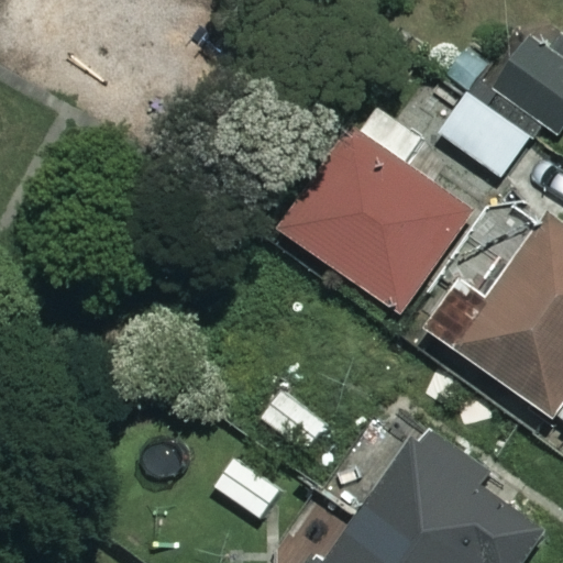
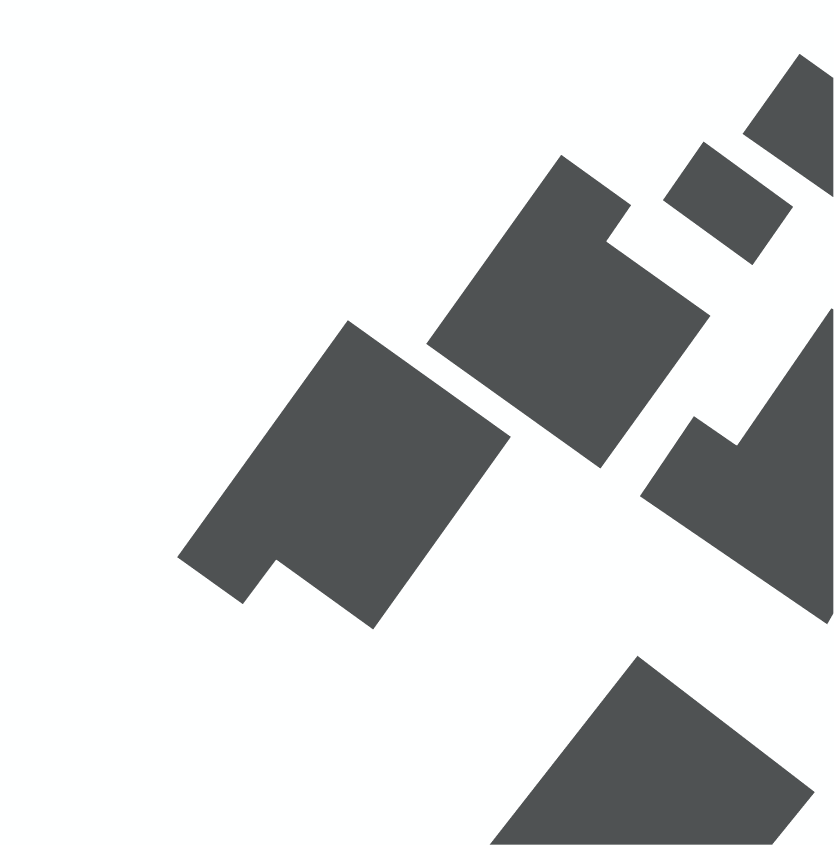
building: none -> [176,319,512,631]

